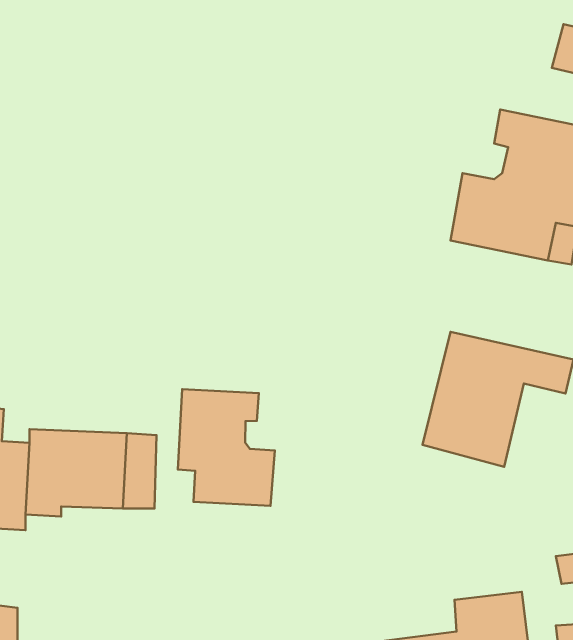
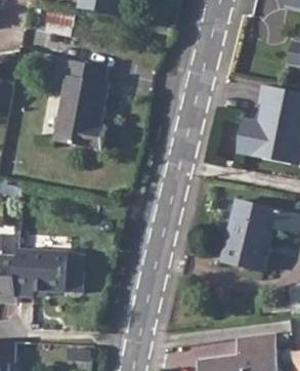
building: none -> [53,61,108,150]
building: [178,389,275,506] -> none

